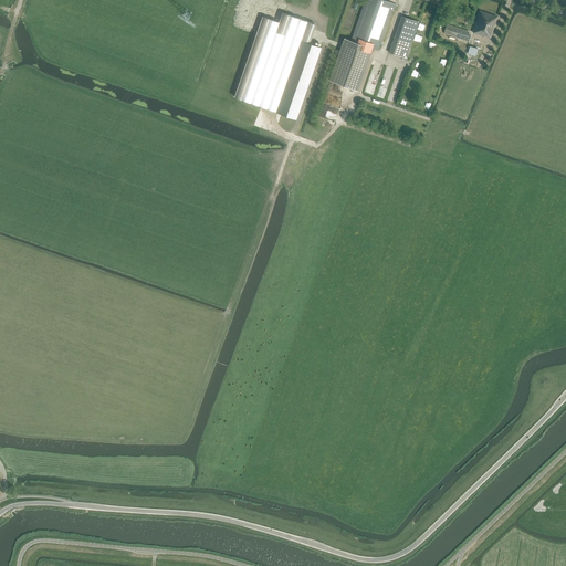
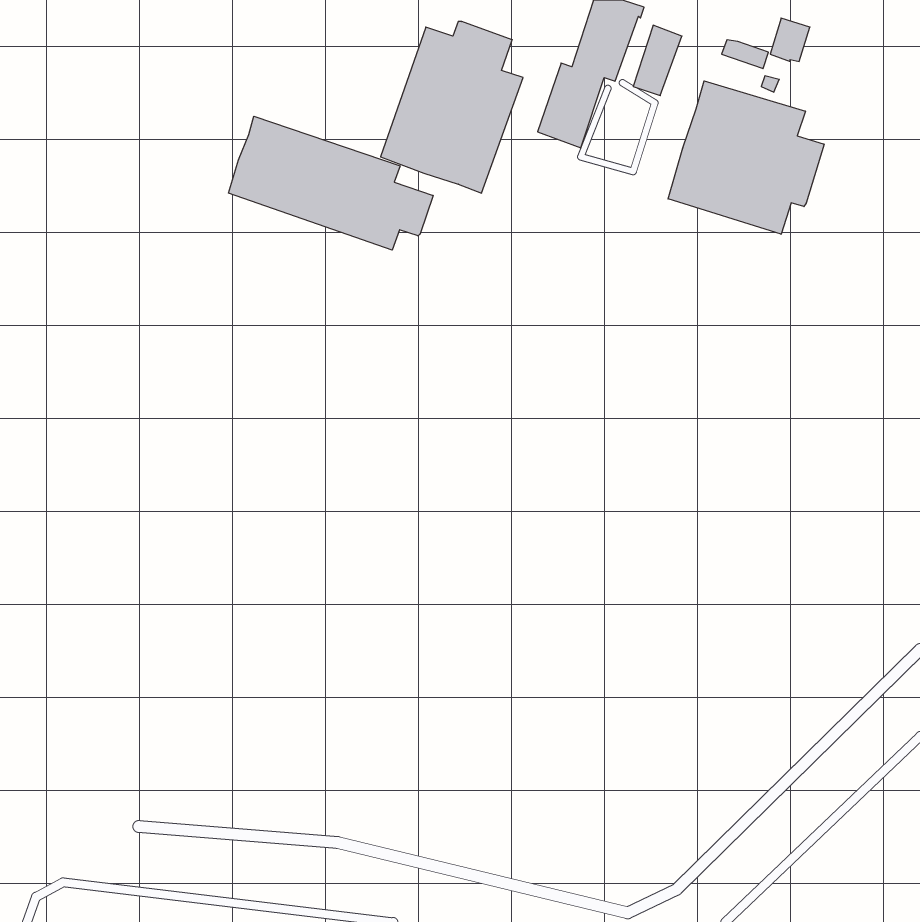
building: none -> [668,81,824,234]
building: none -> [228,116,433,250]

